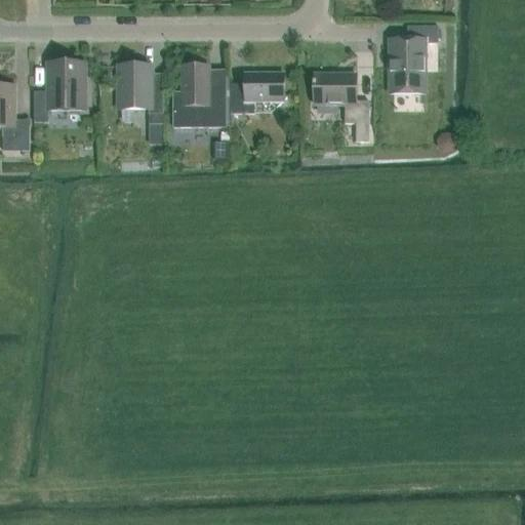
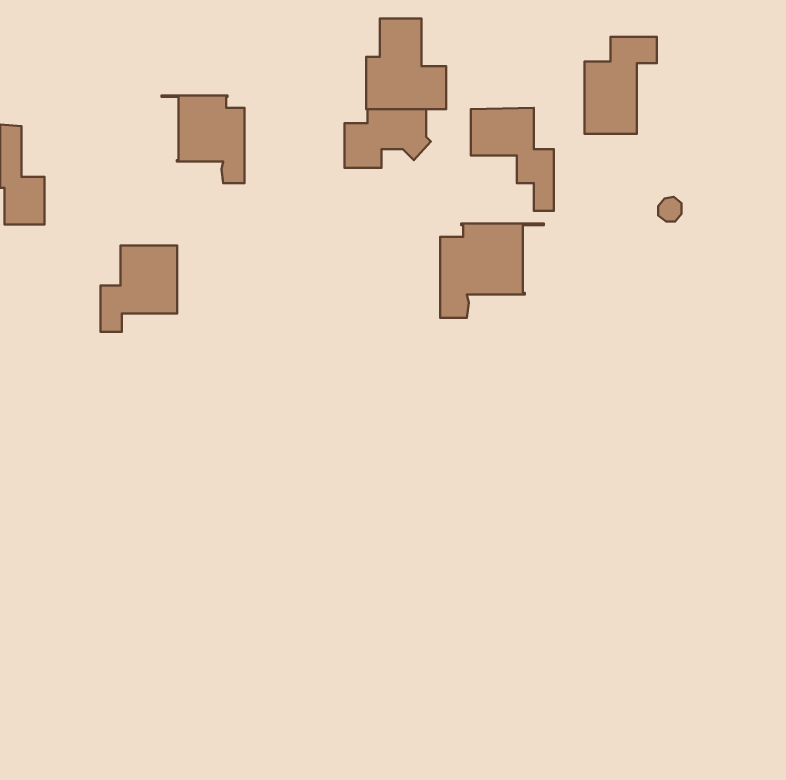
building: [34,64,85,121] -> [100,246,177,332]
building: [172,65,226,125] -> [366,18,446,109]
building: none -> [440,223,544,318]

